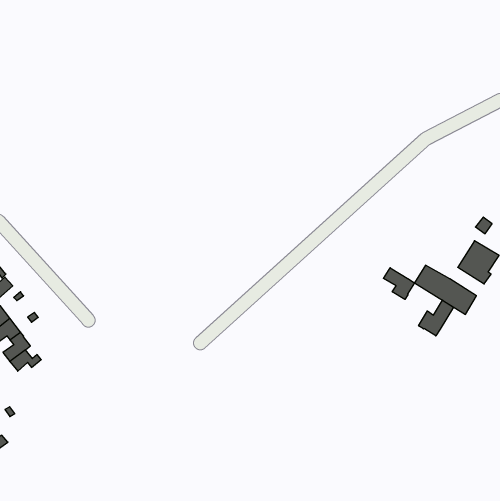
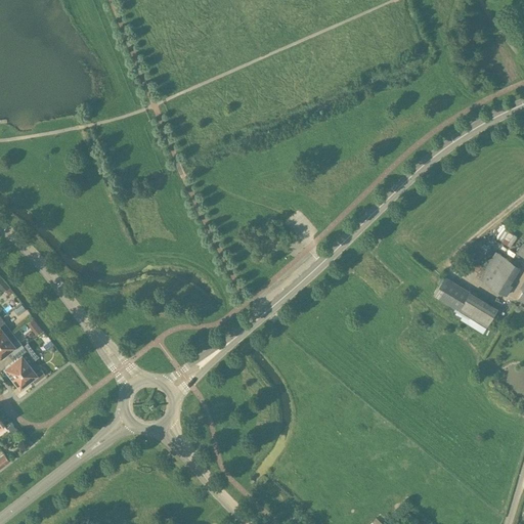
building: [383,268,415,299] -> none
building: [419,300,454,336] -> none

